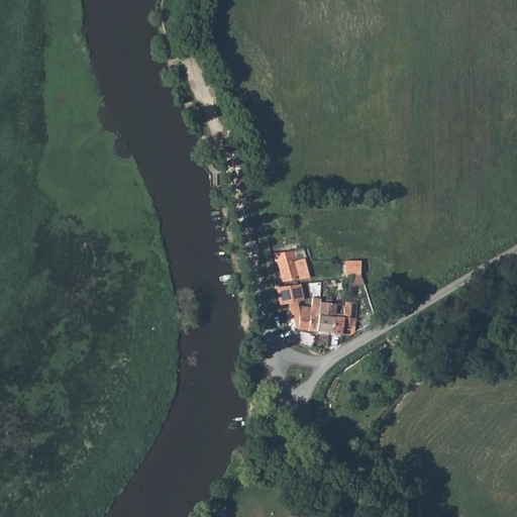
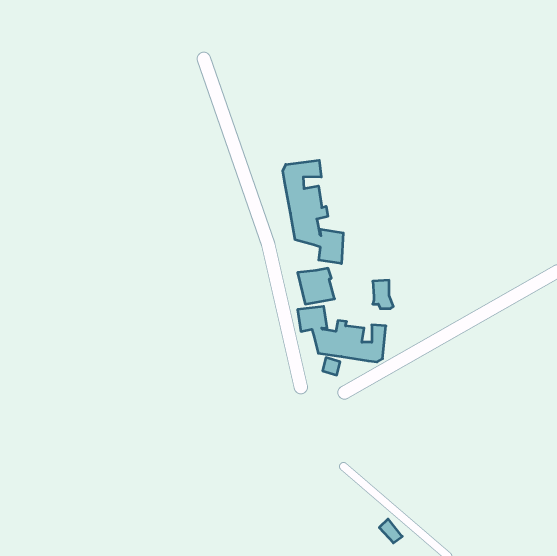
building: none -> [283,160,343,264]

